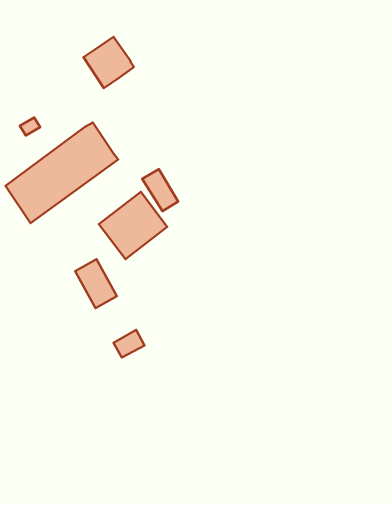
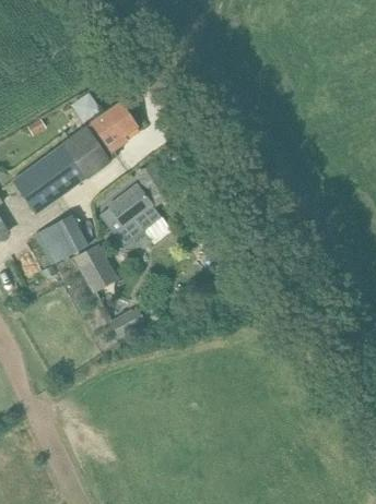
building: [84,37,134,88] -> [94,103,140,149]
building: none -> [36,211,92,264]

